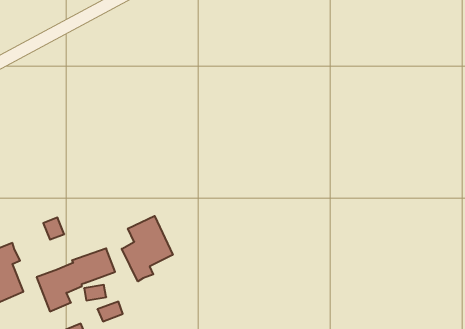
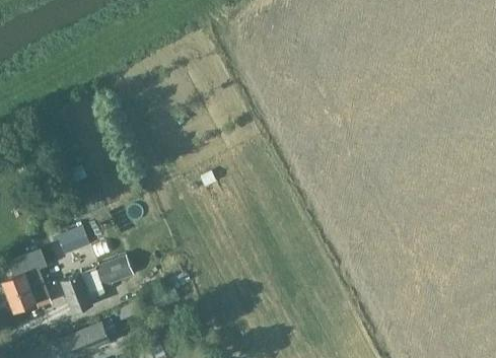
building: [122,216,173,281] -> none

